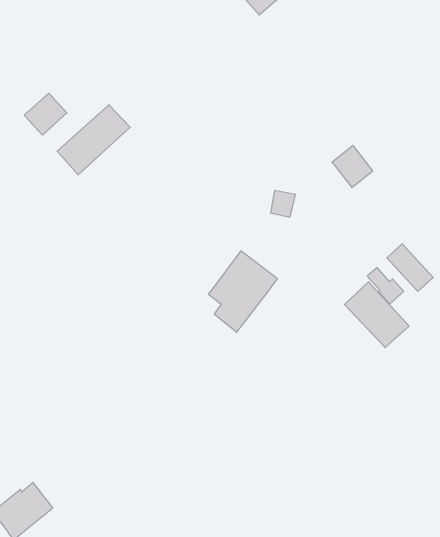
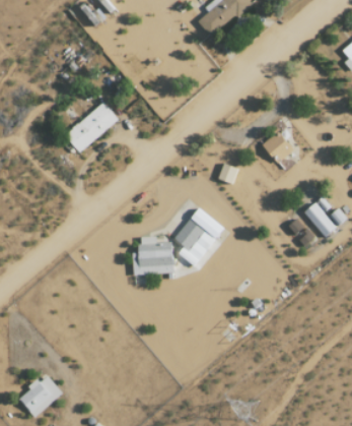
building: [24,93,67,135] -> none
building: [344,282,409,348] -> none
building: none -> [133,237,173,275]

